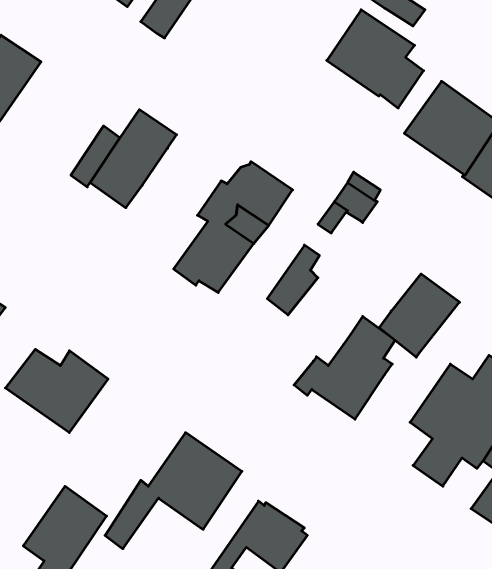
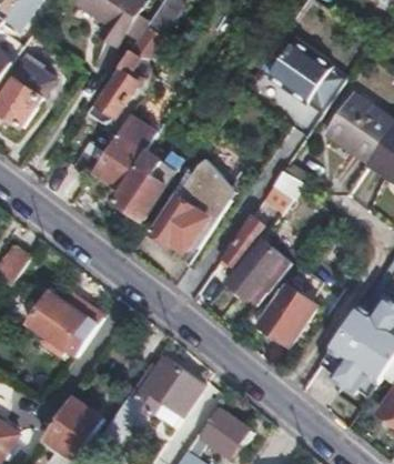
building: none -> [85,50,140,123]
building: none -> [114,144,182,220]
building: [379,274,460,357] -> [229,241,289,303]

